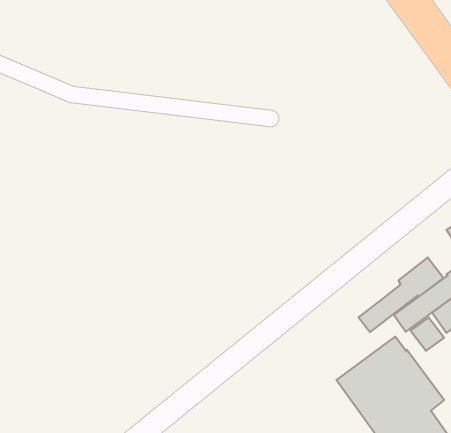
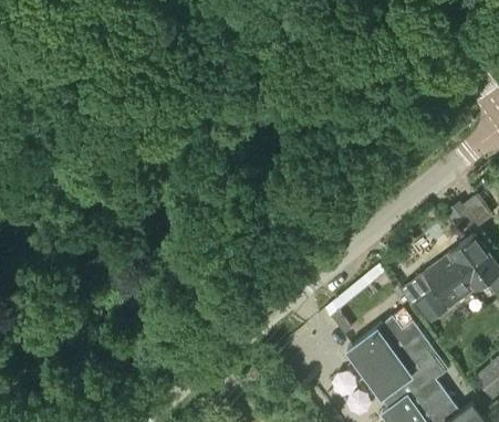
building: [358,257,443,332] -> none

